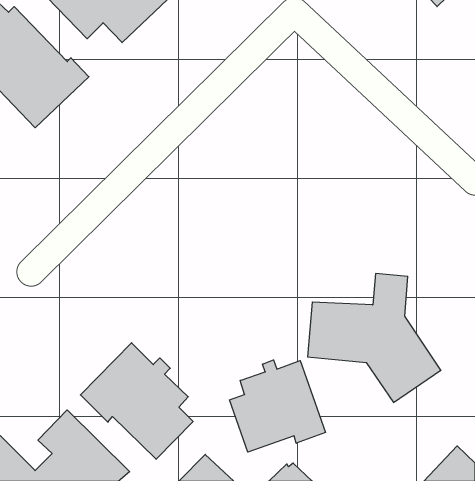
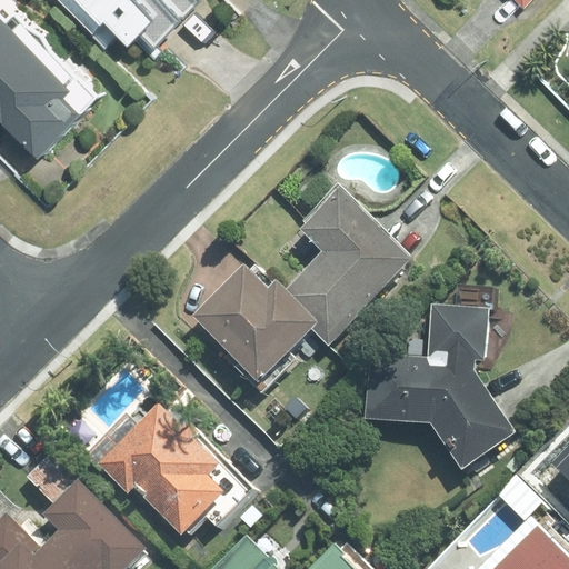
building: none -> [193,189,412,395]
building: [229,360,326,452] -> none

